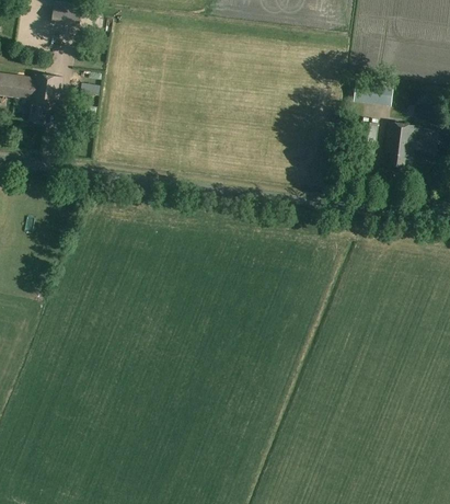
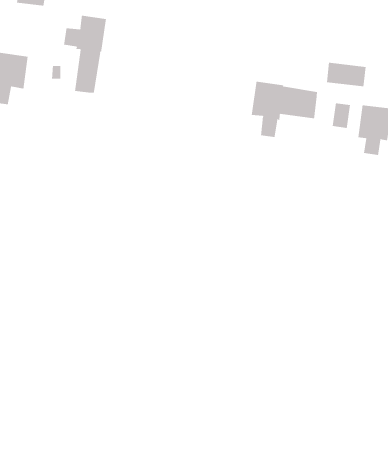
building: none -> [64,15,106,94]
building: none -> [251,81,318,138]

